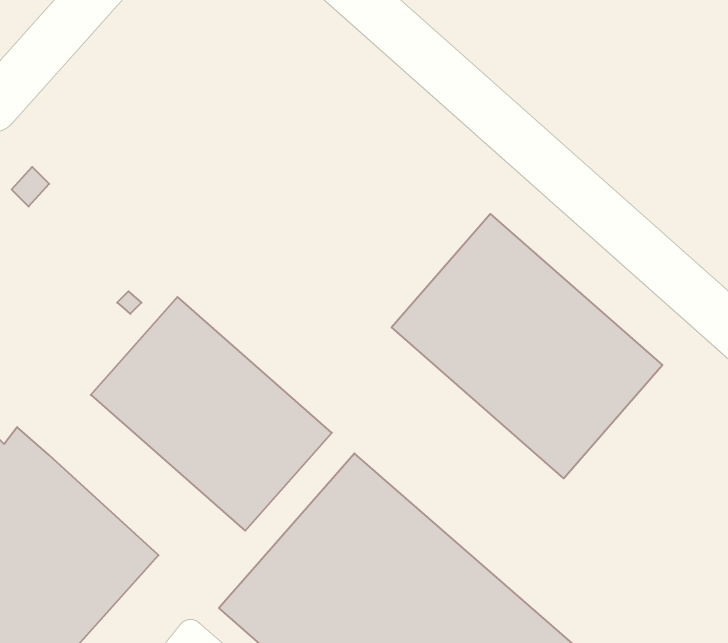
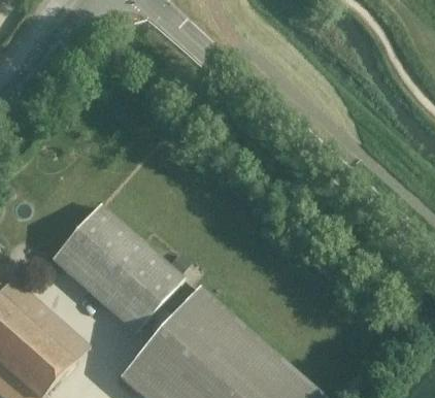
building: [392,214,662,478] -> none

